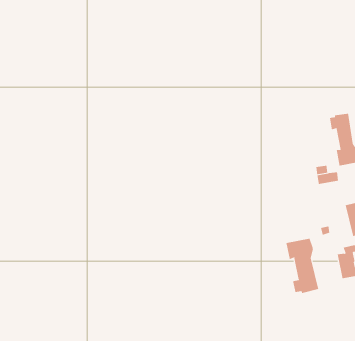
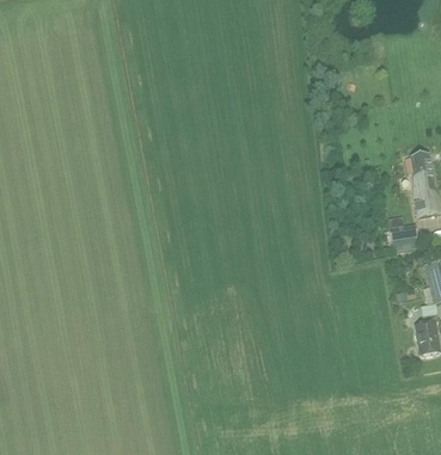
building: [286,238,319,294] -> none

